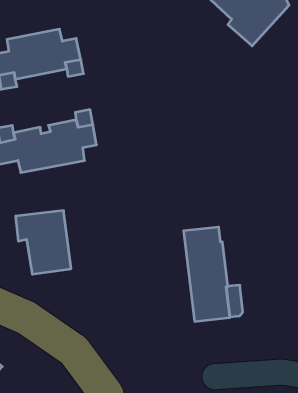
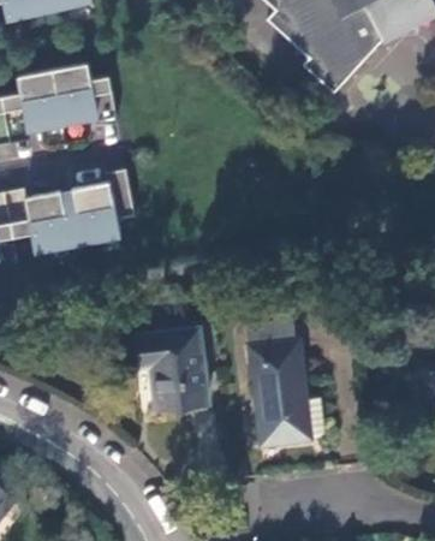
building: [16,211,71,274] -> [136,329,208,412]

